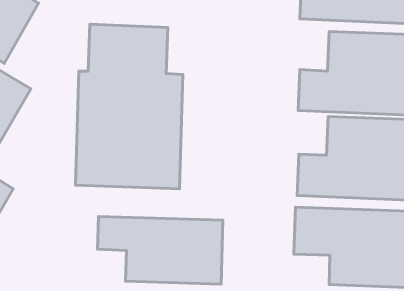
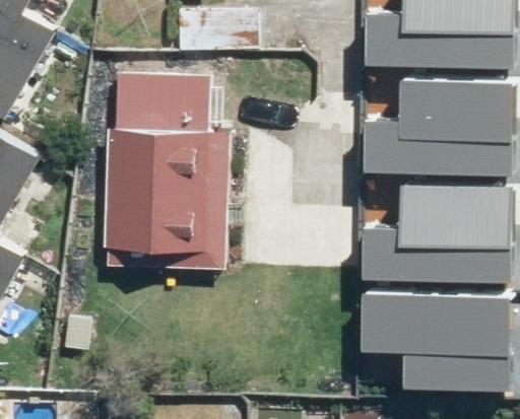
building: [98,217,223,284] -> none

